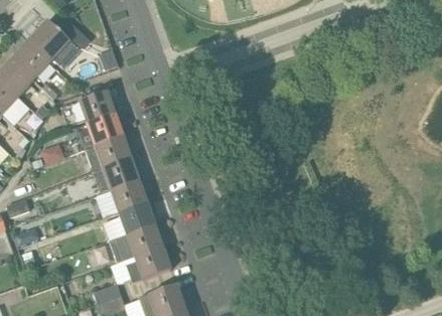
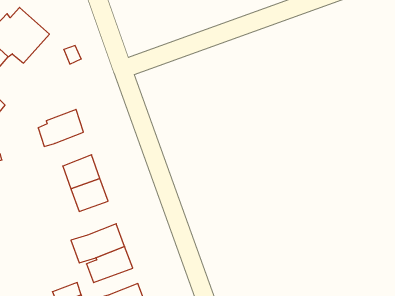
building: [79,91,116,125] -> none
building: [95,136,131,169] -> none
building: [119,203,155,236] -> none

